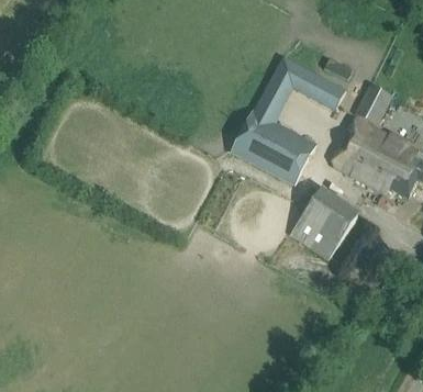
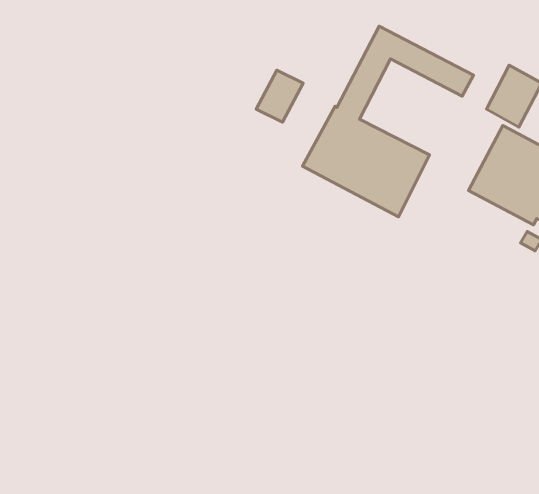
building: none -> [256,70,303,122]
building: [292,190,358,259] -> none

